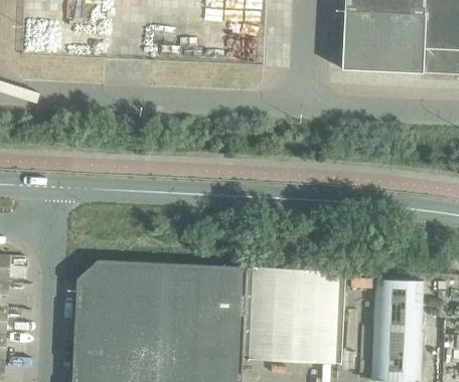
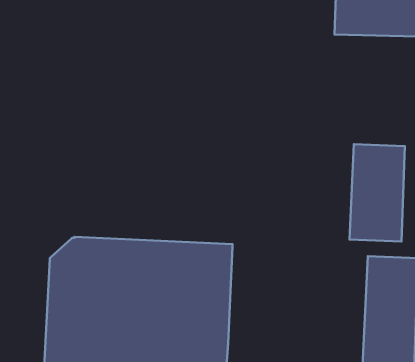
building: none -> [350,144,405,242]
building: [244,266,345,364] -> none

